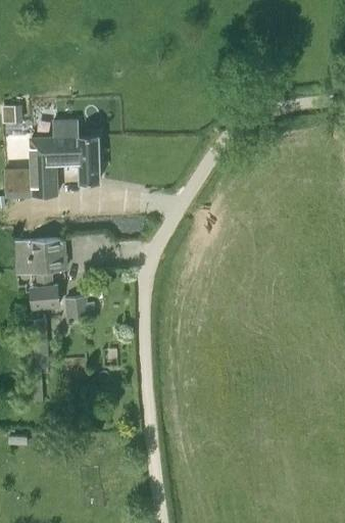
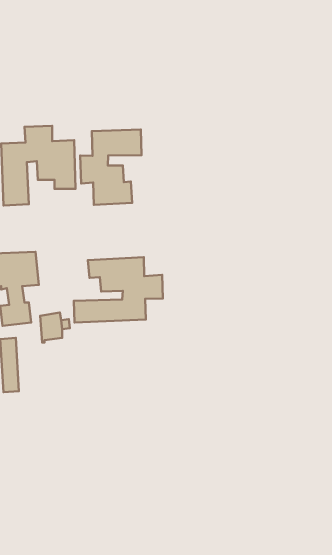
building: none -> [80,129,142,205]
building: none -> [74,257,163,323]

